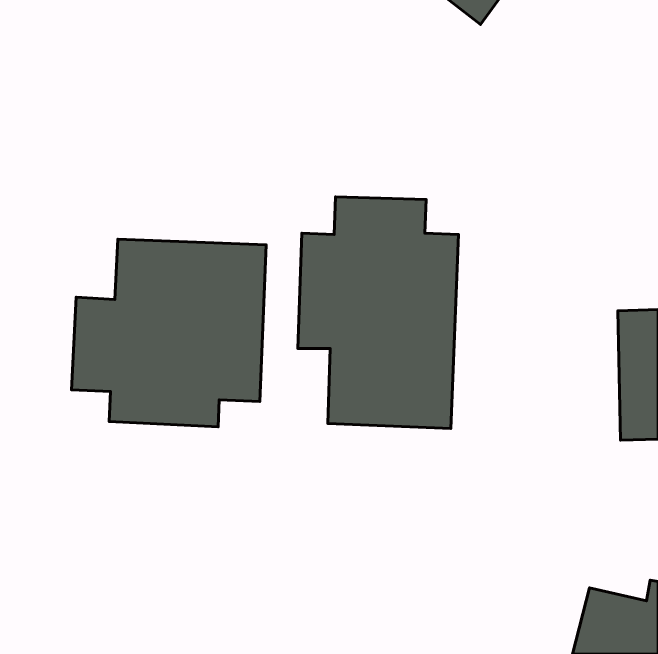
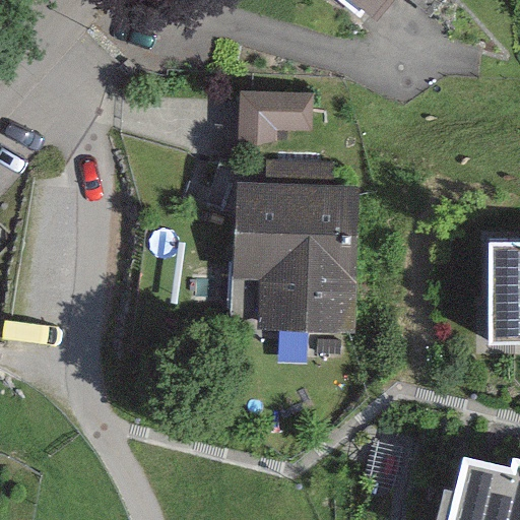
building: none -> [244,91,323,136]
building: [71,239,266,427] -> none

